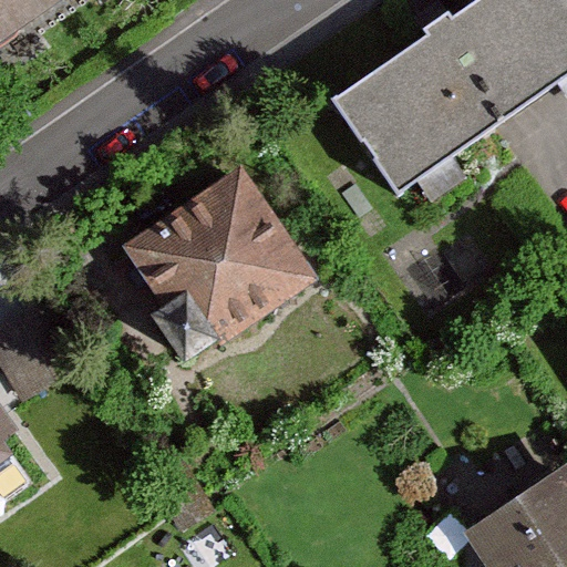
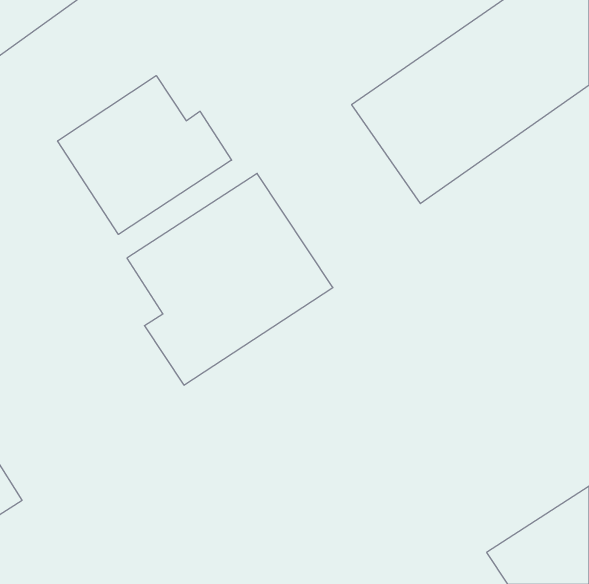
building: none -> [58,76,232,234]

